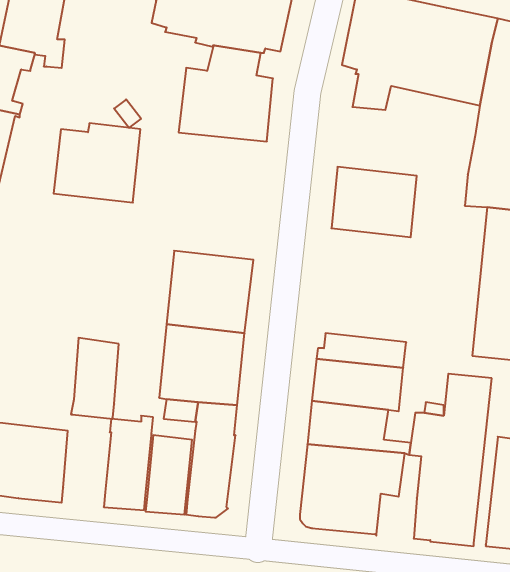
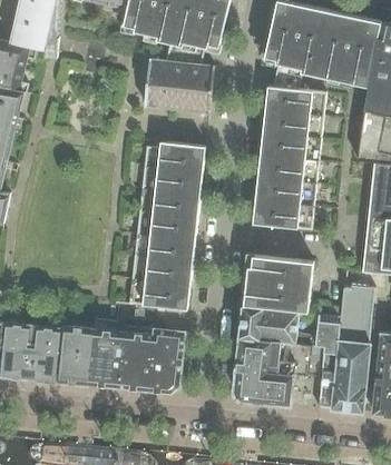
building: none -> [262,87,325,139]
building: [54,123,140,203] -> [140,142,205,201]
building: none -> [253,178,316,230]
building: [71,338,119,419] -> [57,325,92,385]

